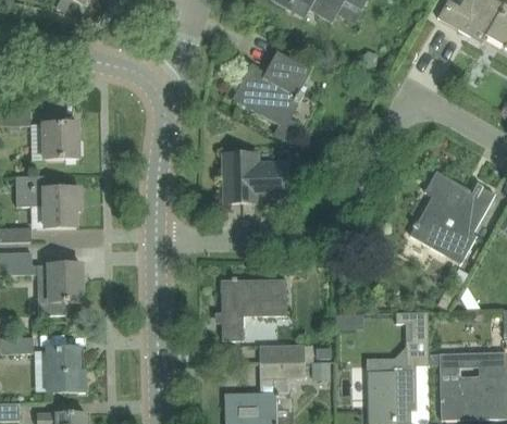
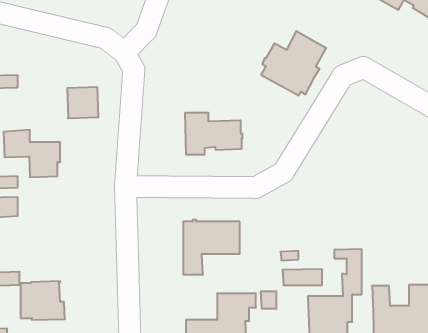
building: [236,50,311,124] -> [261,31,326,95]
building: [42,122,78,158] -> [67,87,98,118]
building: [409,174,495,263] -> none
building: [38,263,83,314] -> none
building: [259,342,305,361] -> [282,269,322,285]

